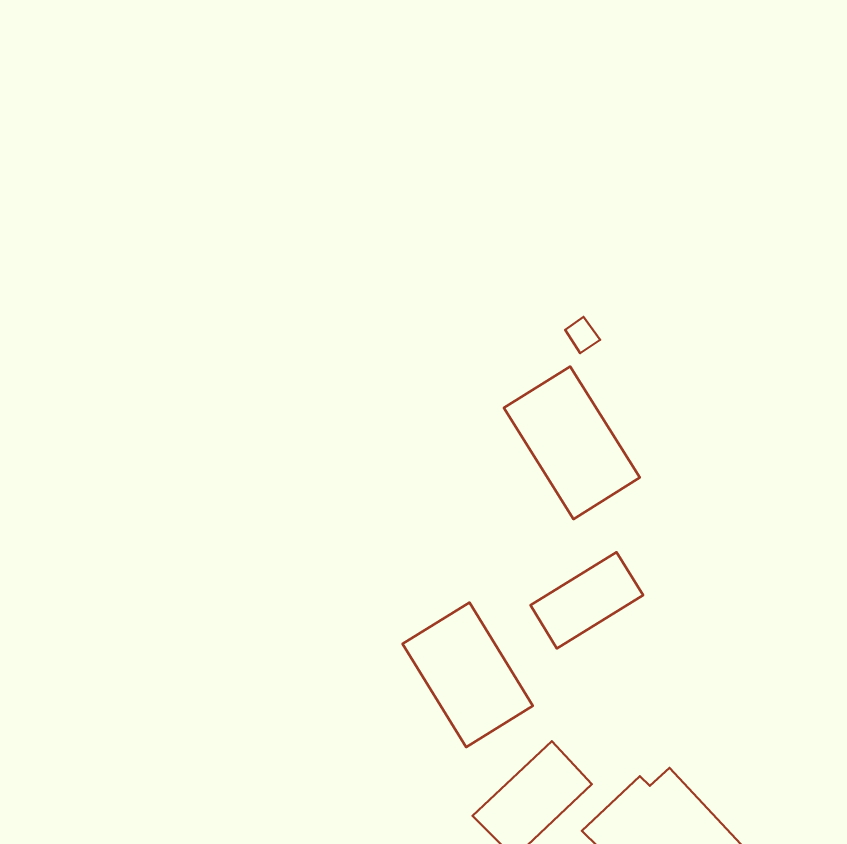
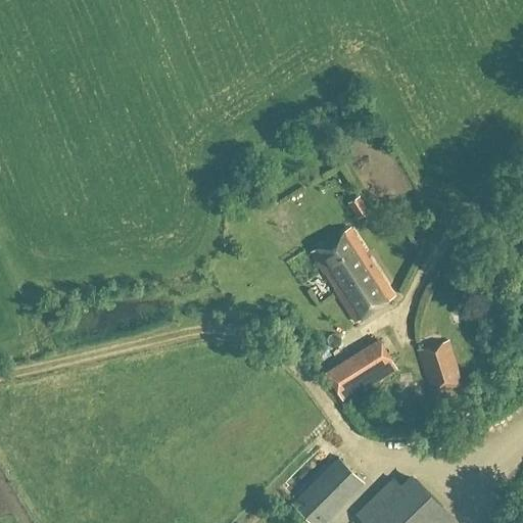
building: none -> [419,343,461,395]
building: [403,603,533,747] -> none

